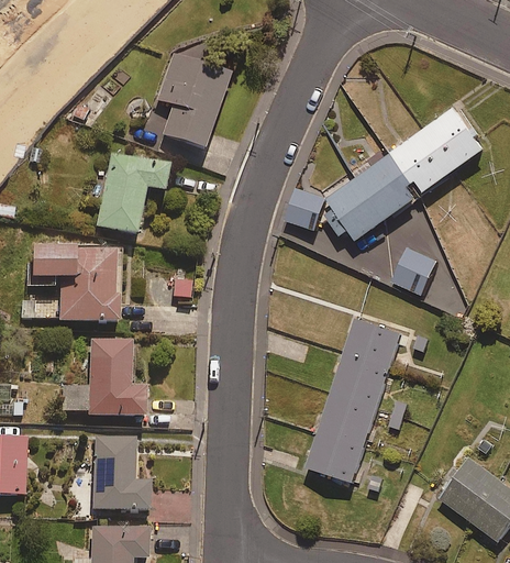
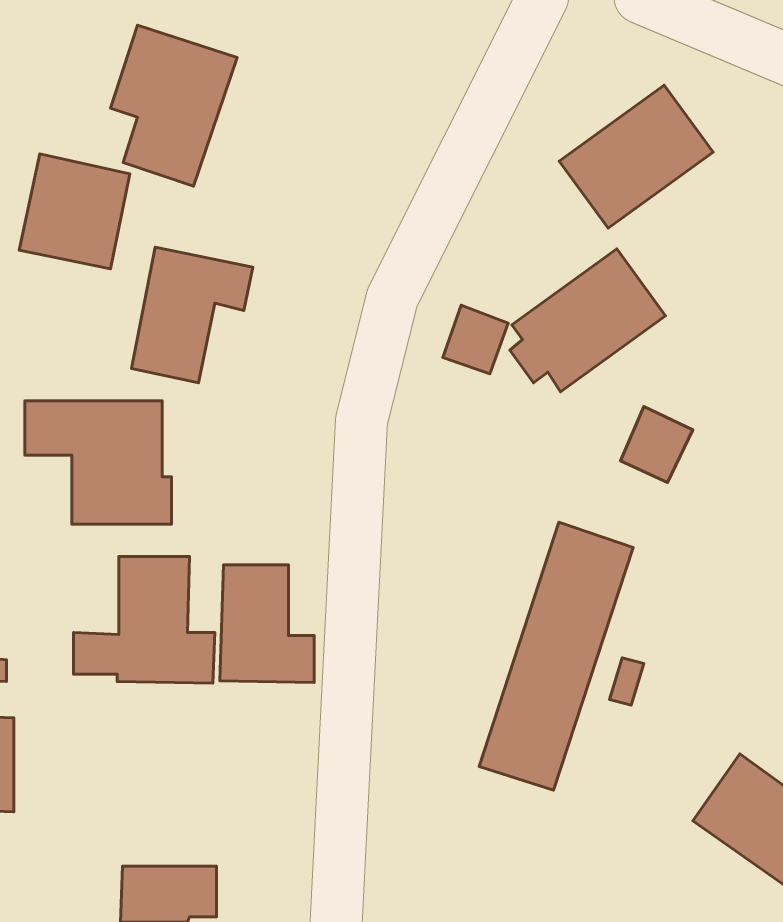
building: [155,49,232,147] -> [110,25,237,186]
building: none -> [19,154,130,269]
building: [391,106,485,192] -> [559,85,713,228]
building: [93,438,151,509] -> [220,565,314,683]

